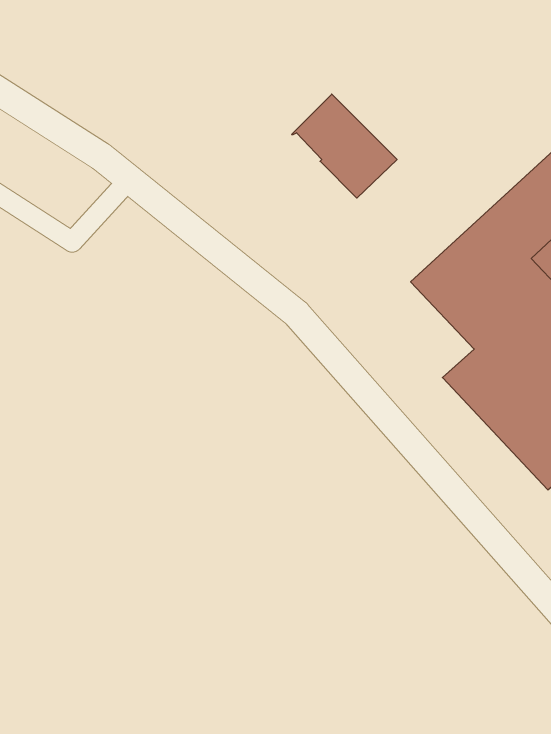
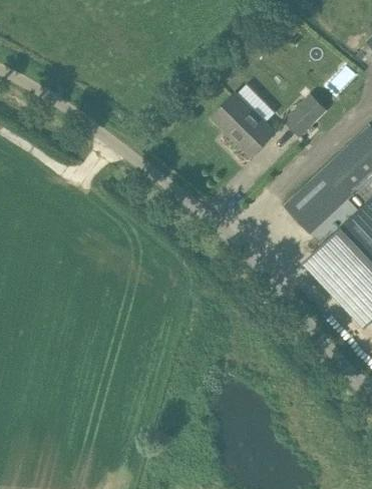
building: none -> [286,95,327,136]

